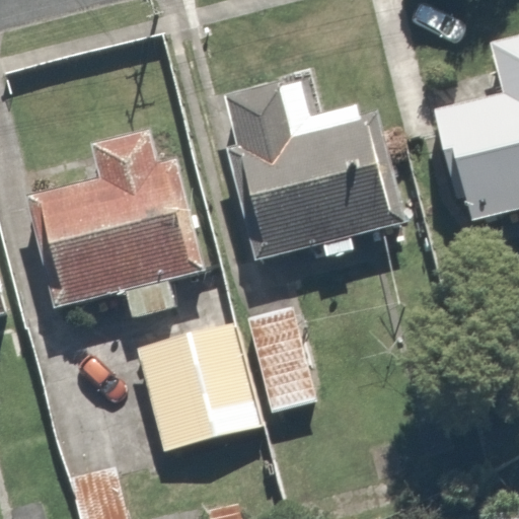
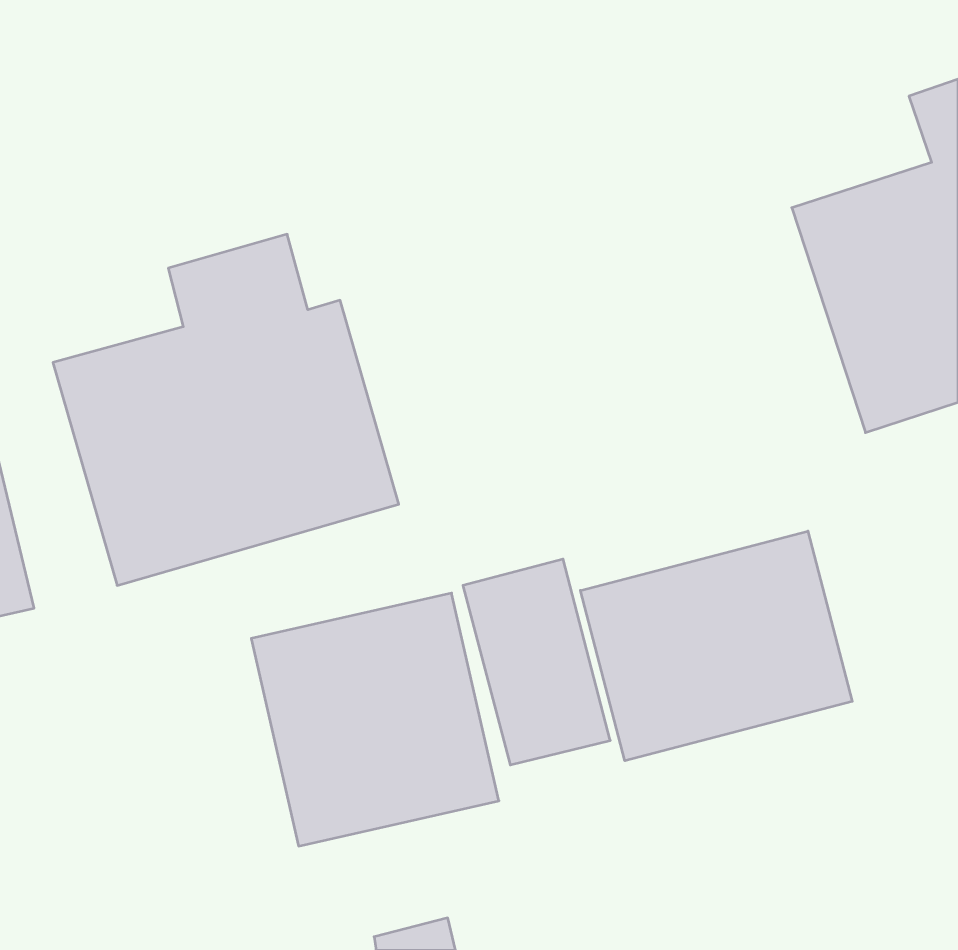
building: [224,78,402,260] -> none
building: none -> [580,531,852,761]

